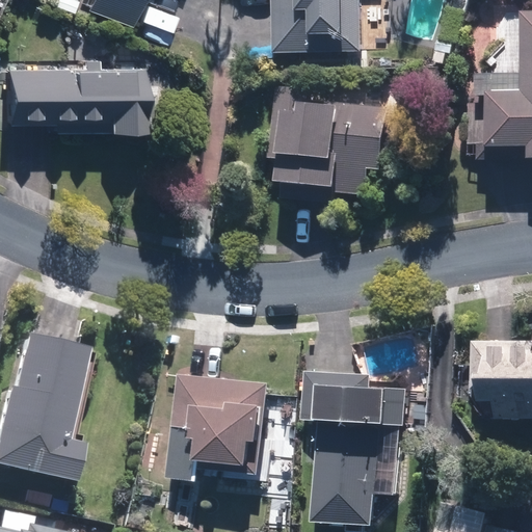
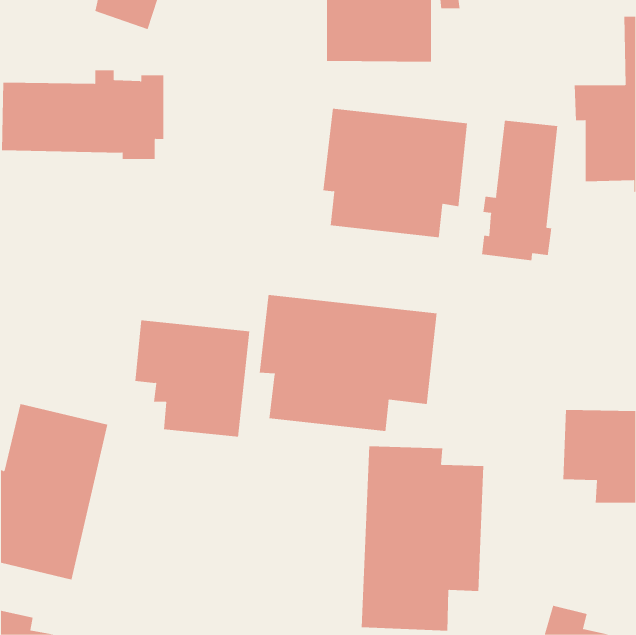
building: none -> [481,120,558,261]
building: none -> [259,294,437,432]
building: [171,372,268,470] -> [134,320,250,437]

